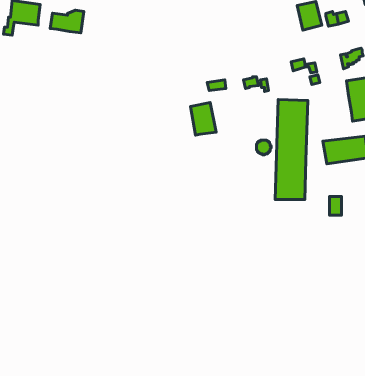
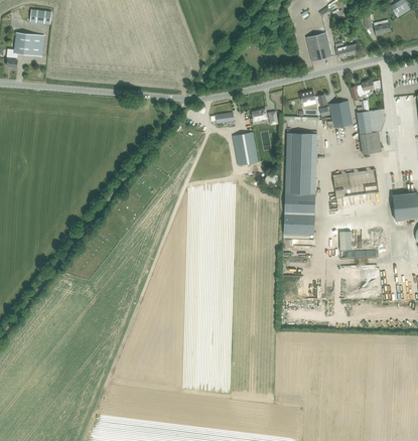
building: [50,10,84,33] -> none
building: none -> [329,101,353,127]
building: [190,103,216,135] -> [233,132,259,165]

